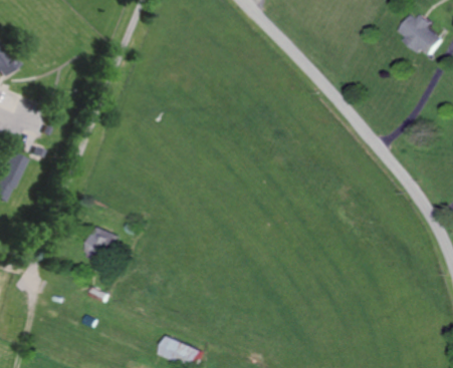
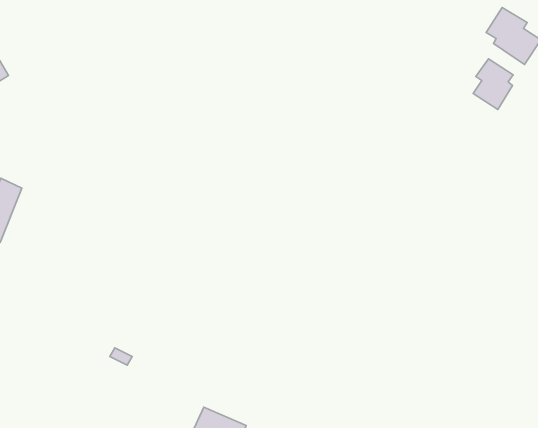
building: none -> [473,59,513,109]
building: [86,226,118,260] -> none

